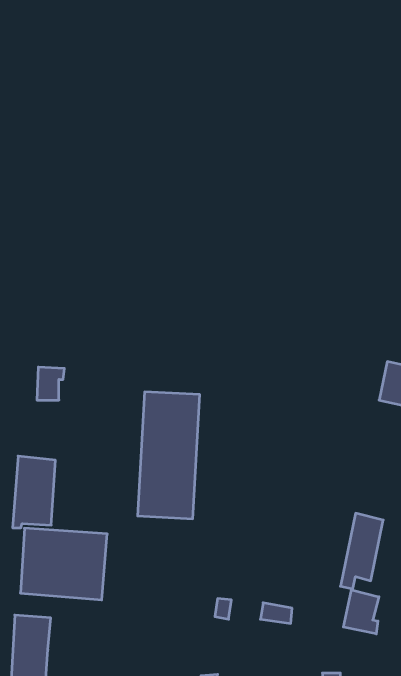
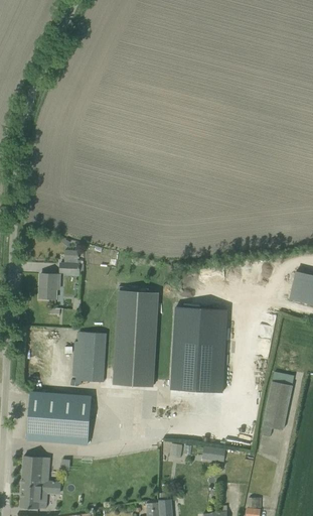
building: none -> [59,251,83,273]
building: none -> [170,306,227,393]
building: [13,456,55,528] -> [74,332,106,384]
building: [343,590,379,634] -> none

